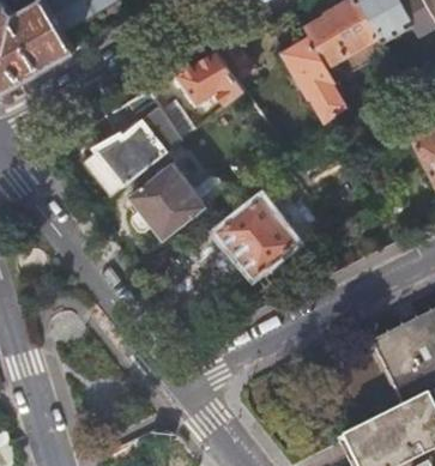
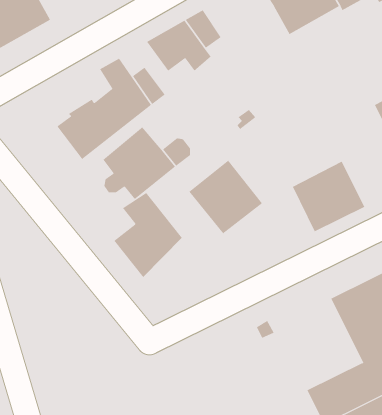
building: [279,36,349,123] -> none
building: none -> [292,161,365,232]
building: none -> [114,192,183,278]

